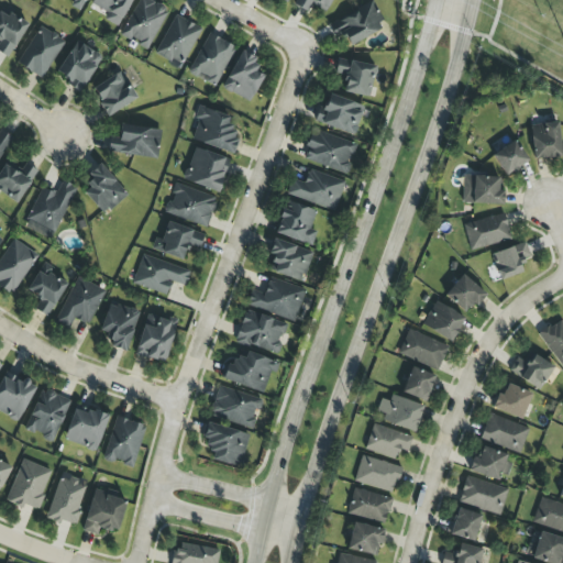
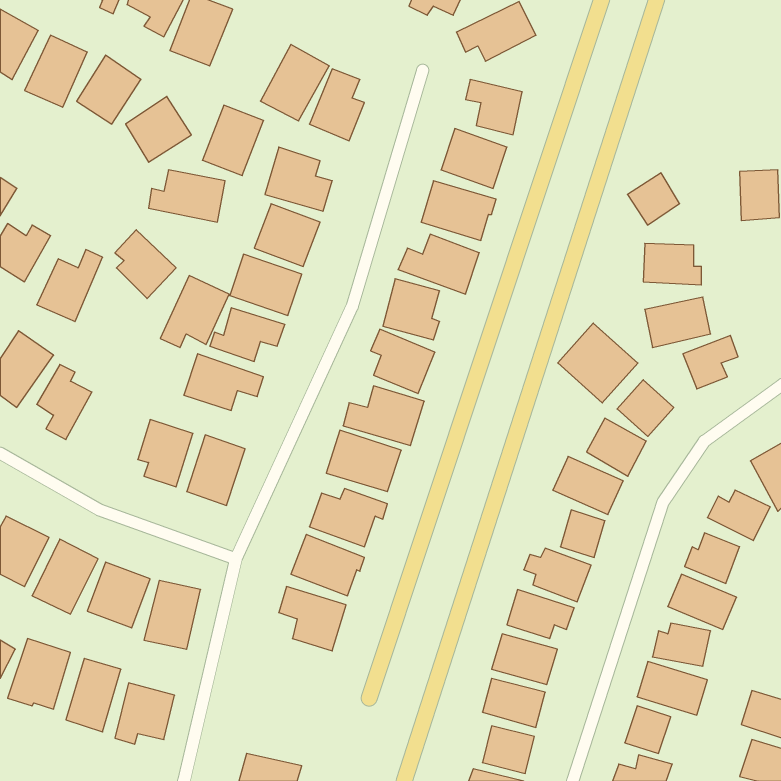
building: [157,14,201,65] -> [202,105,264,176]
building: [492,139,529,176] -> [627,173,680,225]
building: none -> [558,323,638,403]
building: [56,276,106,328] -> [160,276,229,348]

